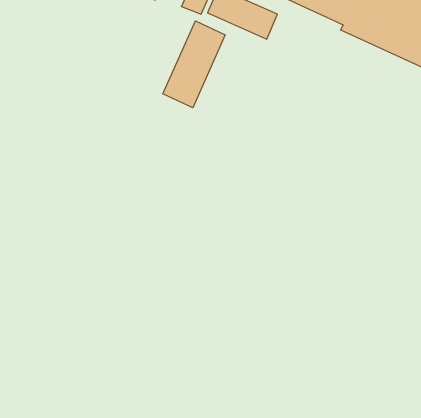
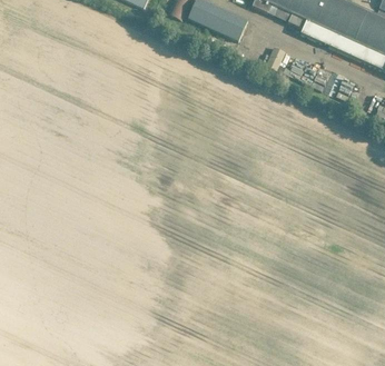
building: [163,21,225,108] -> none

